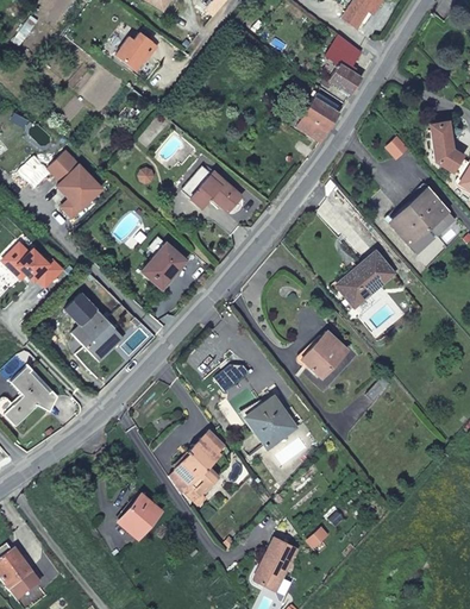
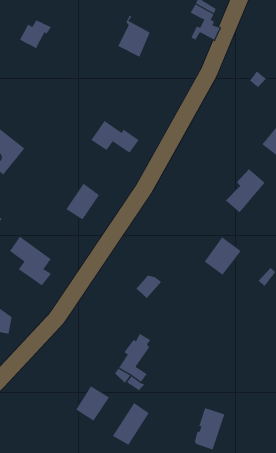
building: [297,89,340,143] -> [117,15,151,58]
building: [242,395,294,447] -> none
building: none -> [112,402,150,446]

